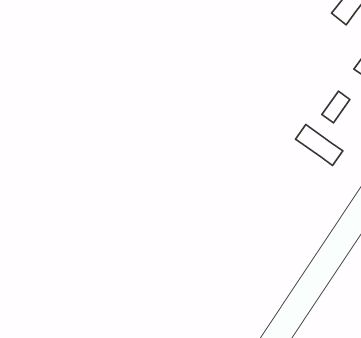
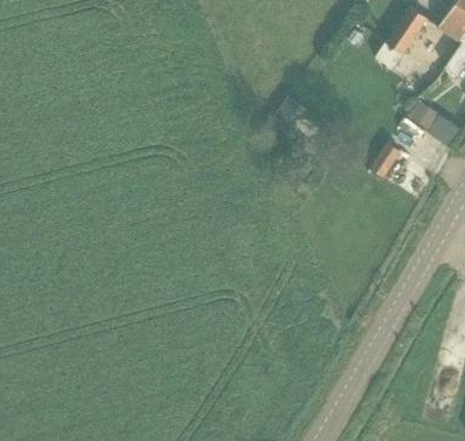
building: [296,124,343,165] -> none

